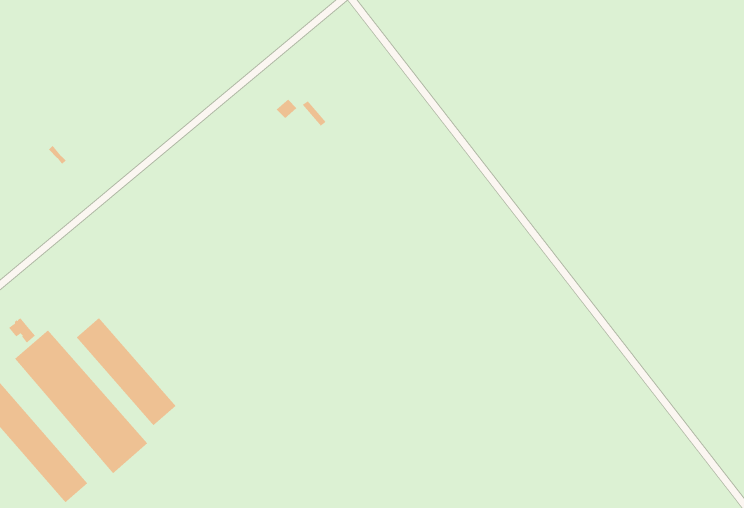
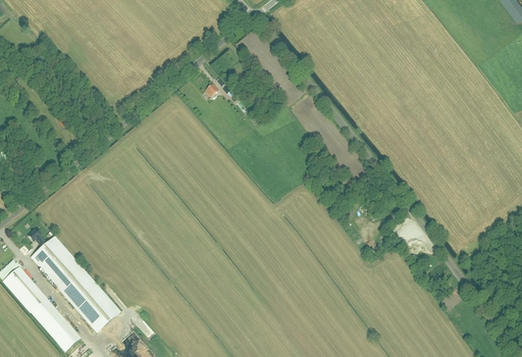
building: [76,317,176,426] -> none

